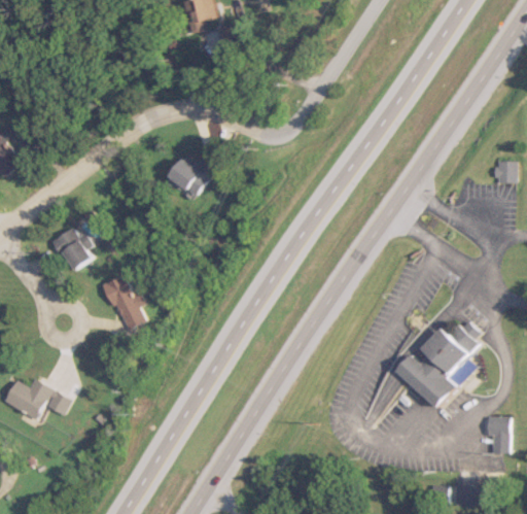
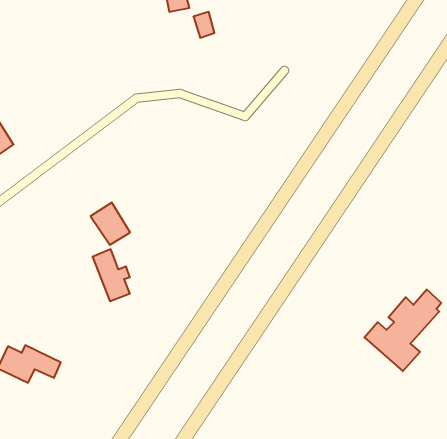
building: [168,157,216,197] -> none
building: [50,227,93,272] -> [91,203,130,245]

